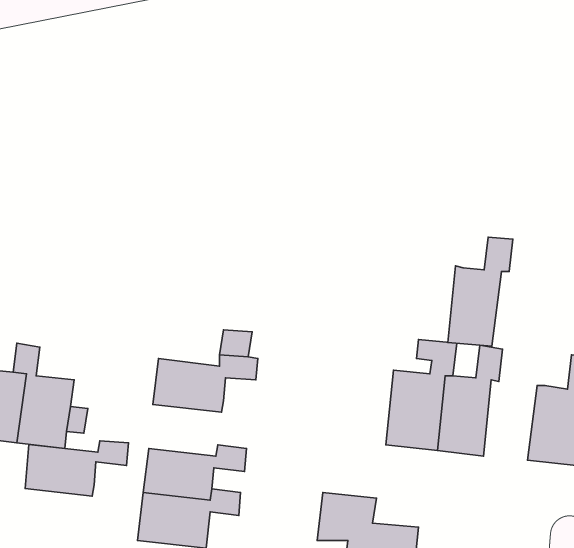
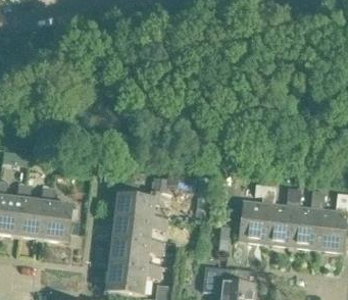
building: [448,237,513,346] -> [292,190,327,248]
building: [25,441,128,496] -> [113,216,168,246]

